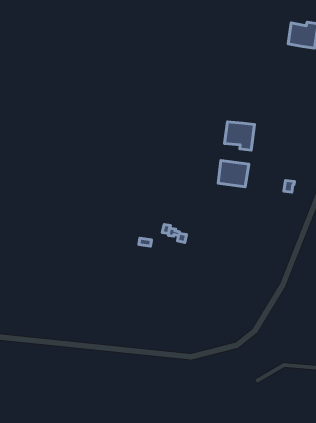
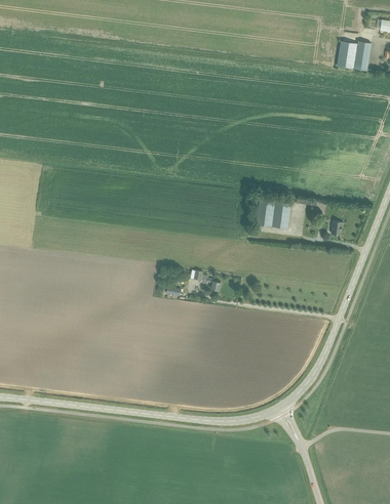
building: [224,122,254,150] -> none

